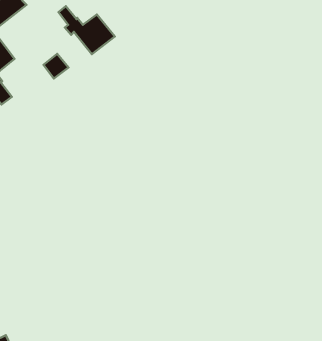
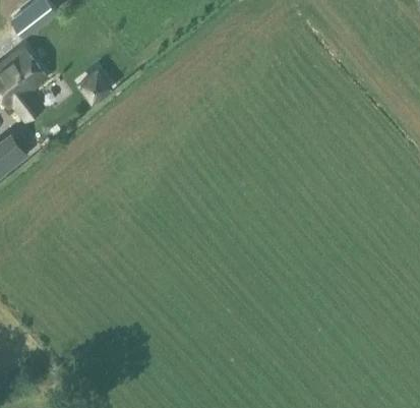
building: [58,6,115,54] -> none

